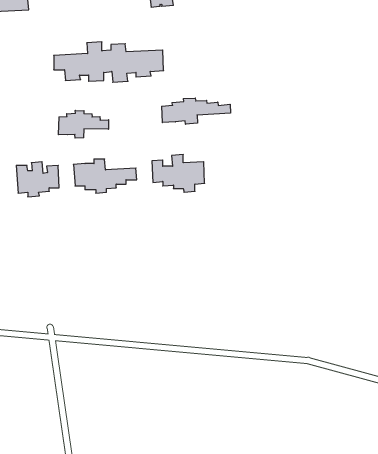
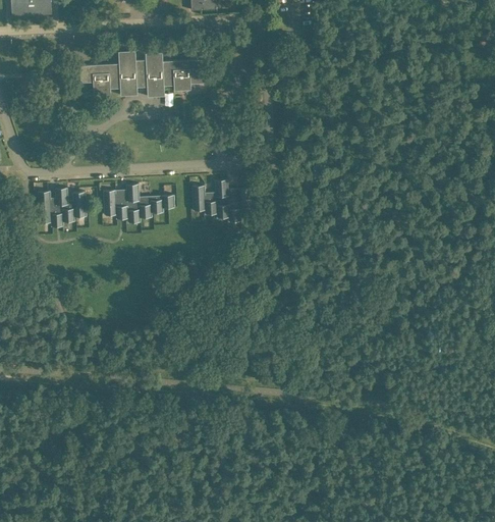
building: [162,98,230,124] -> none
building: [58,110,109,138] -> none

